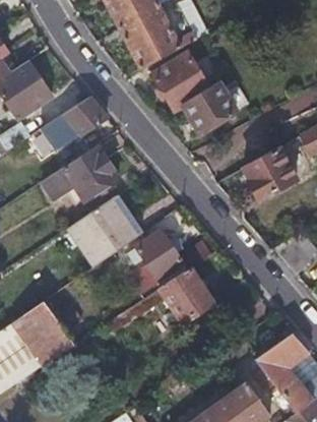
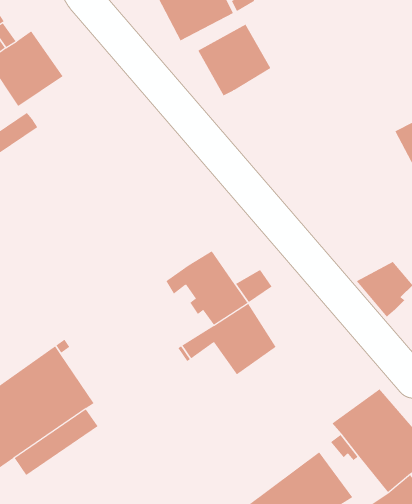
building: [180,83,235,133] -> none
building: [37,97,103,152] -> none
building: [42,145,120,200] -> none
building: [244,147,296,199] -> none
building: [67,194,141,264] -> none

